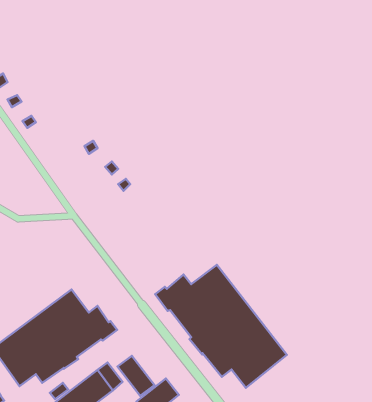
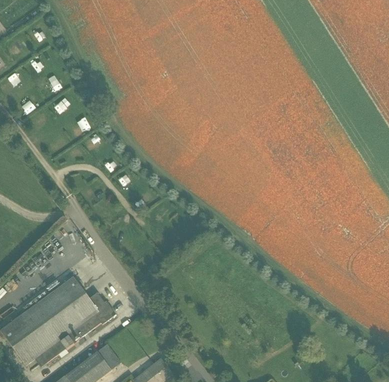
building: [155,265,287,388] -> none
building: [117,356,154,396] -> none

